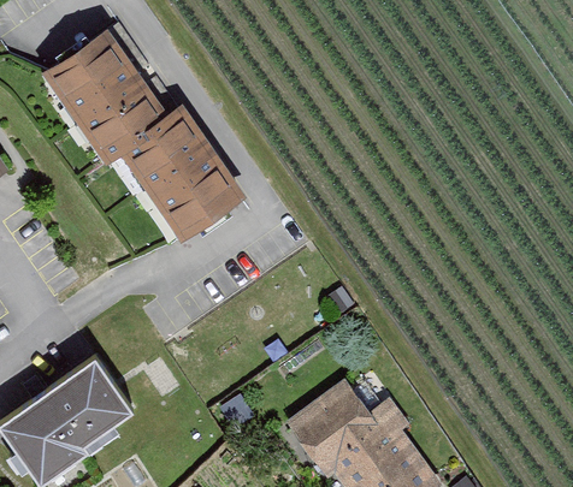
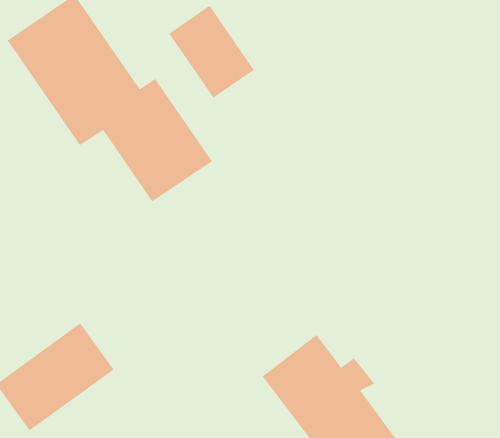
building: none -> [168,5,255,99]

